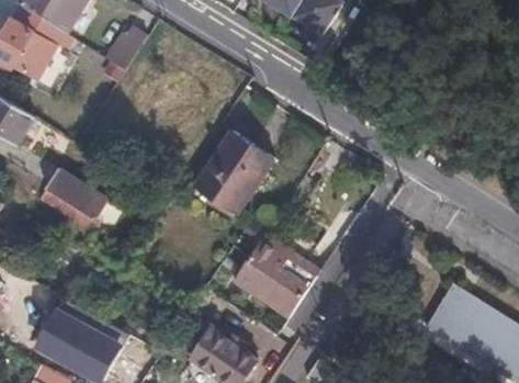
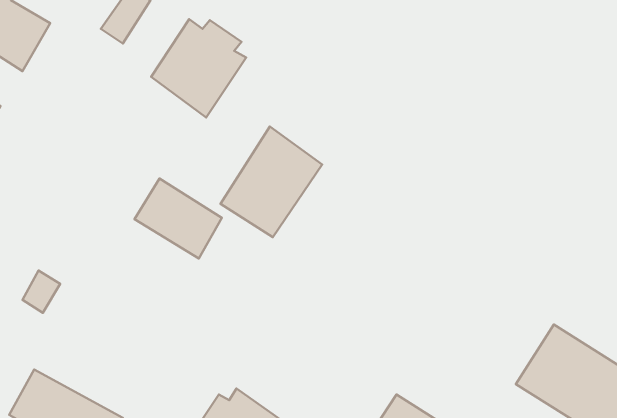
building: none -> [151,19,246,118]
building: [40,169,105,229] -> [135,179,222,259]
building: [236,239,316,318] -> none

